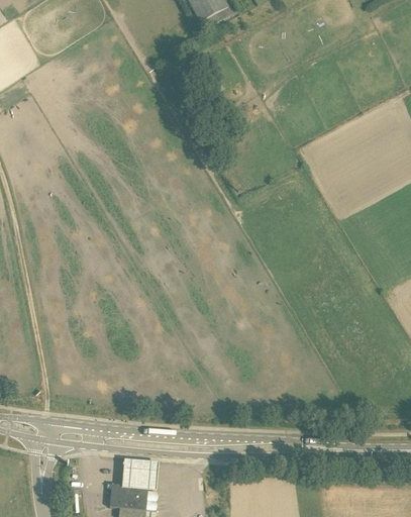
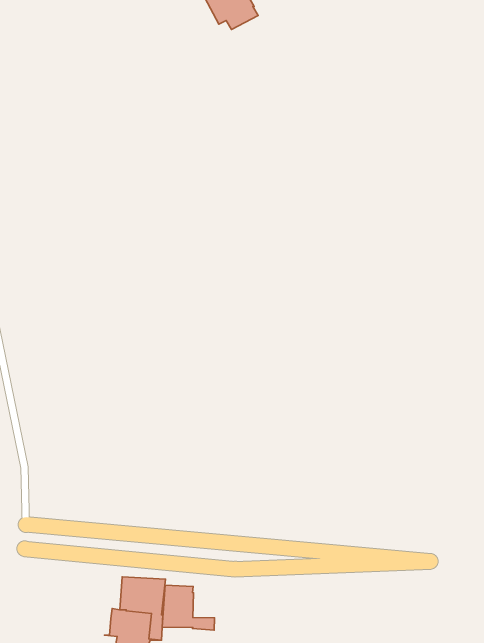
building: none -> [162,585,215,630]

